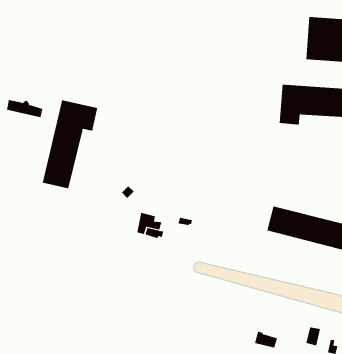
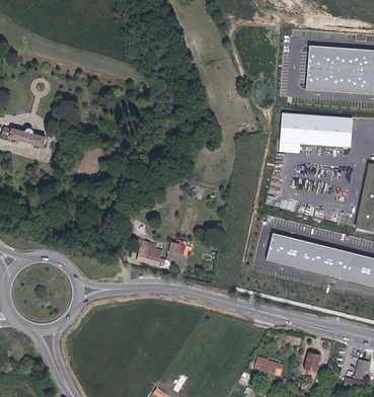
building: [42,99,98,189] -> none

